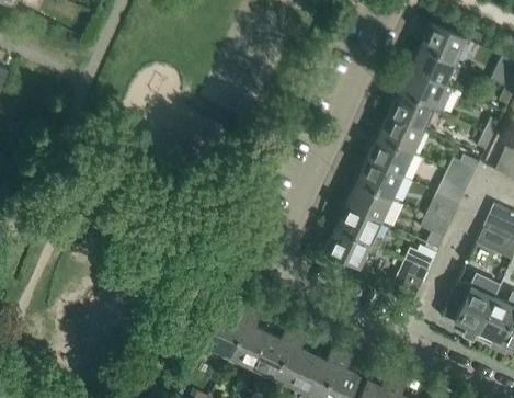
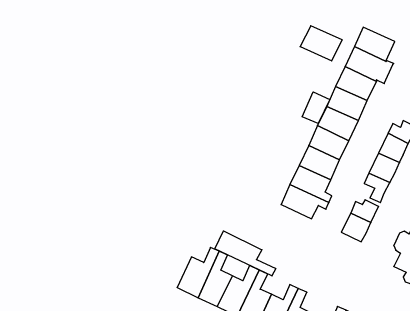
building: [419,23,467,64] -> [300,26,342,61]
building: none -> [302,92,330,124]
building: none -> [215,231,276,276]

